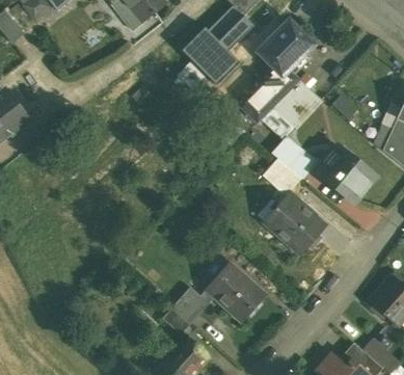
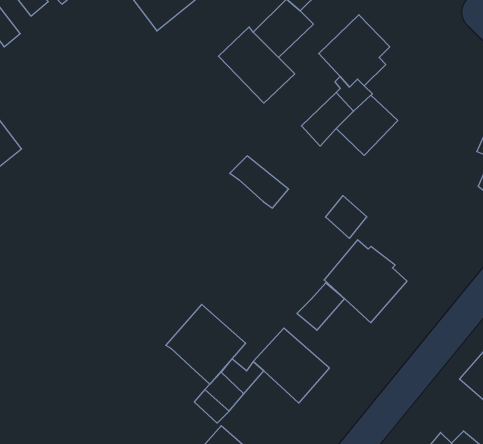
building: [270,139,316,180] -> [230,156,289,208]
building: [316,146,375,203] -> none
building: none -> [297,283,344,330]
building: none -> [166,304,246,384]

